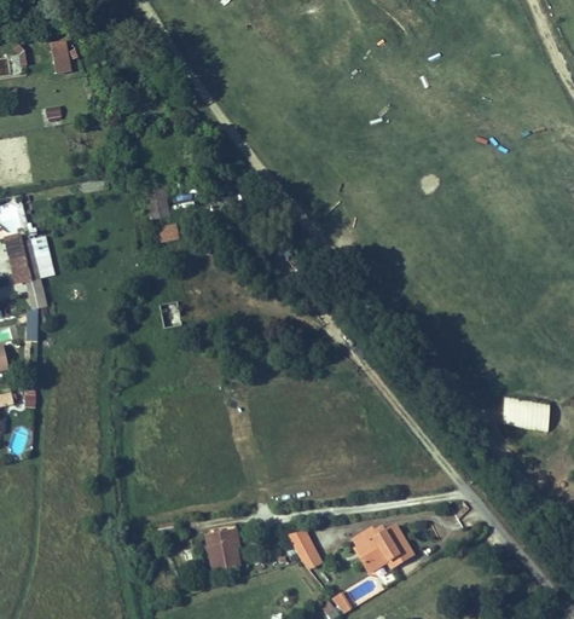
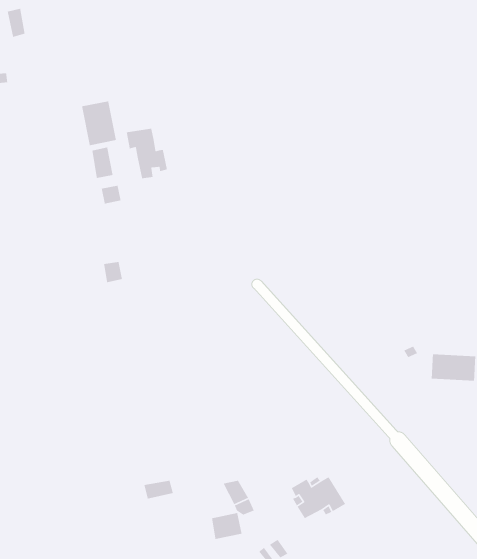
building: none -> [81,100,117,146]
building: none -> [126,128,168,179]
building: [205,544,238,573] -> [211,512,243,540]

